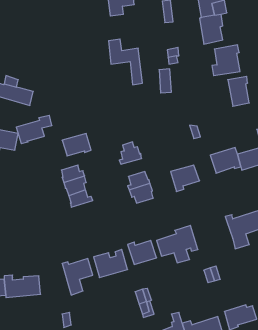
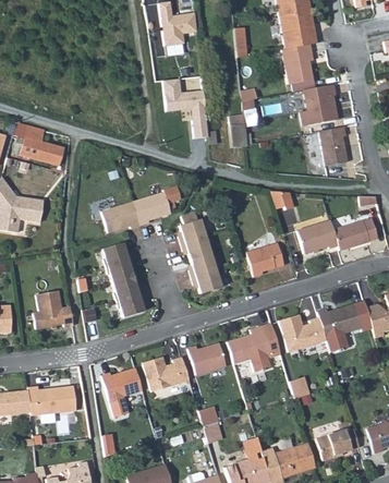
building: [16,115,52,144] -> [134,186,181,224]
building: none -> [180,234,211,258]
building: none -> [34,287,73,325]
building: none -> [114,290,145,318]
building: none -> [279,314,327,352]

